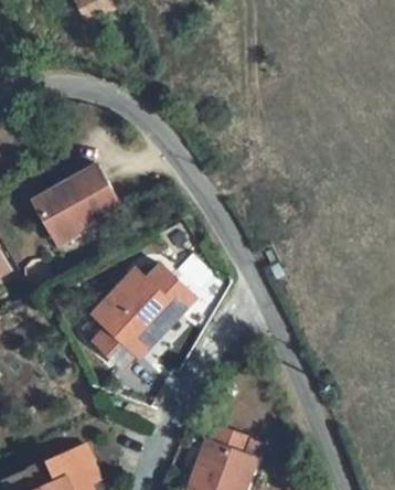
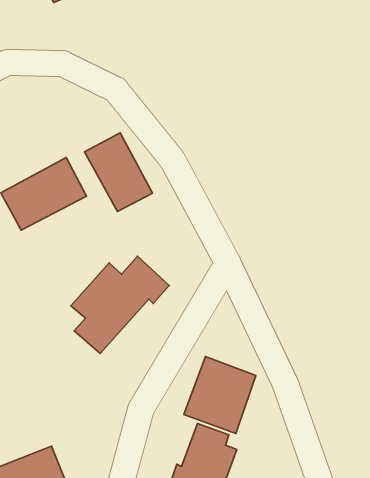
building: none -> [85,133,152,212]
building: none -> [184,356,256,434]

